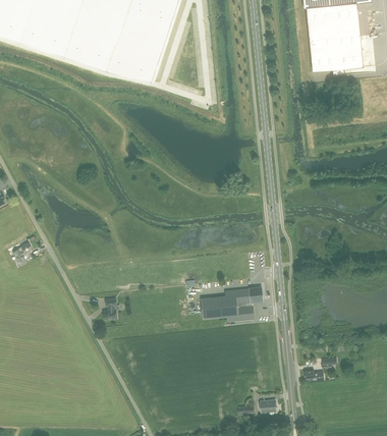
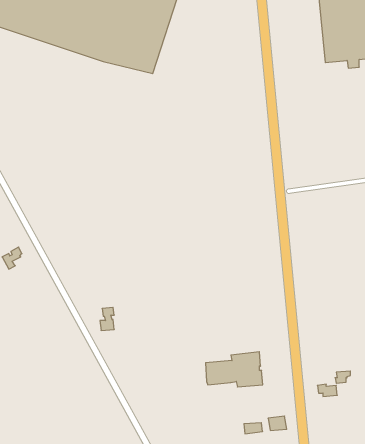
building: [202,287,255,320] -> [206,352,263,387]

